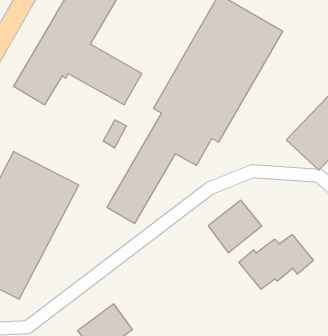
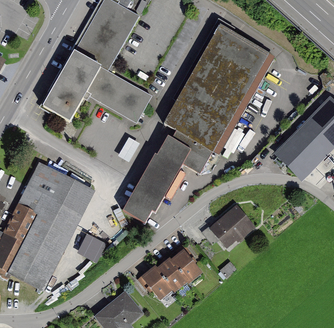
building: none -> [76,230,105,260]
building: [239,235,313,289] -> [140,251,204,298]

